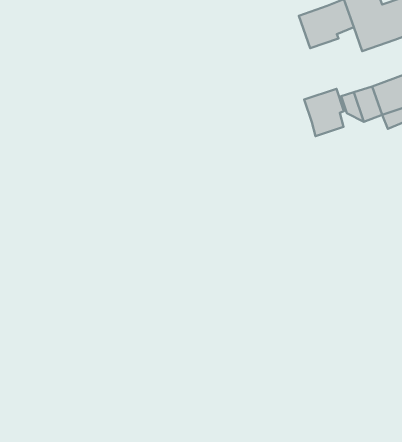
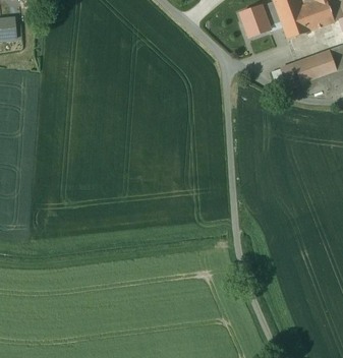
building: [304,89,344,136] -> none

